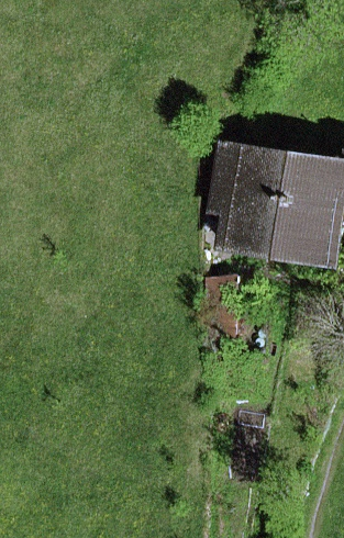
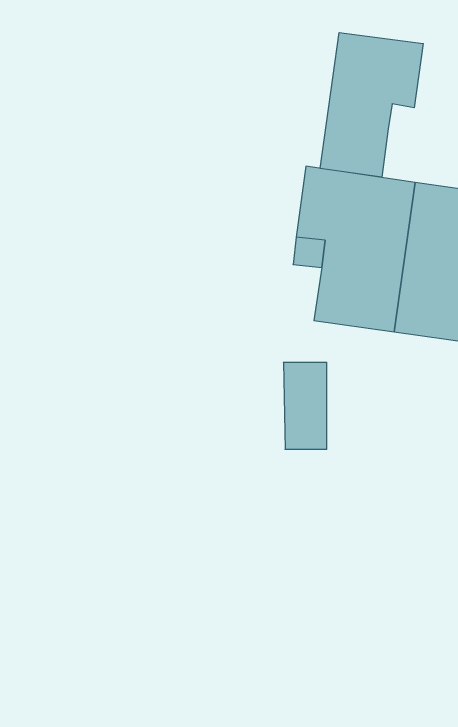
building: none -> [320,33,423,177]

